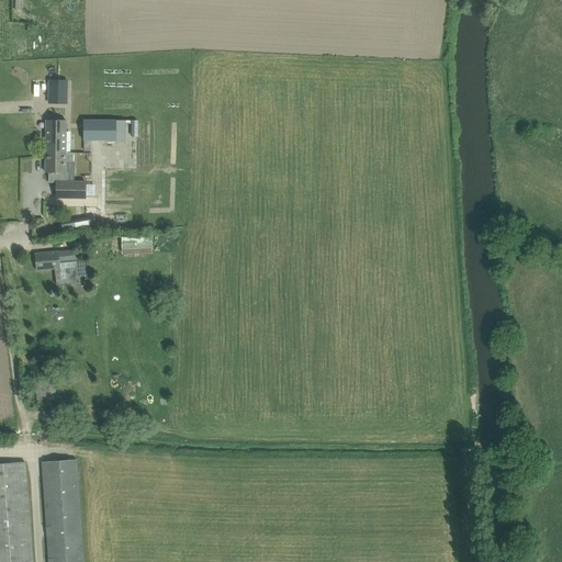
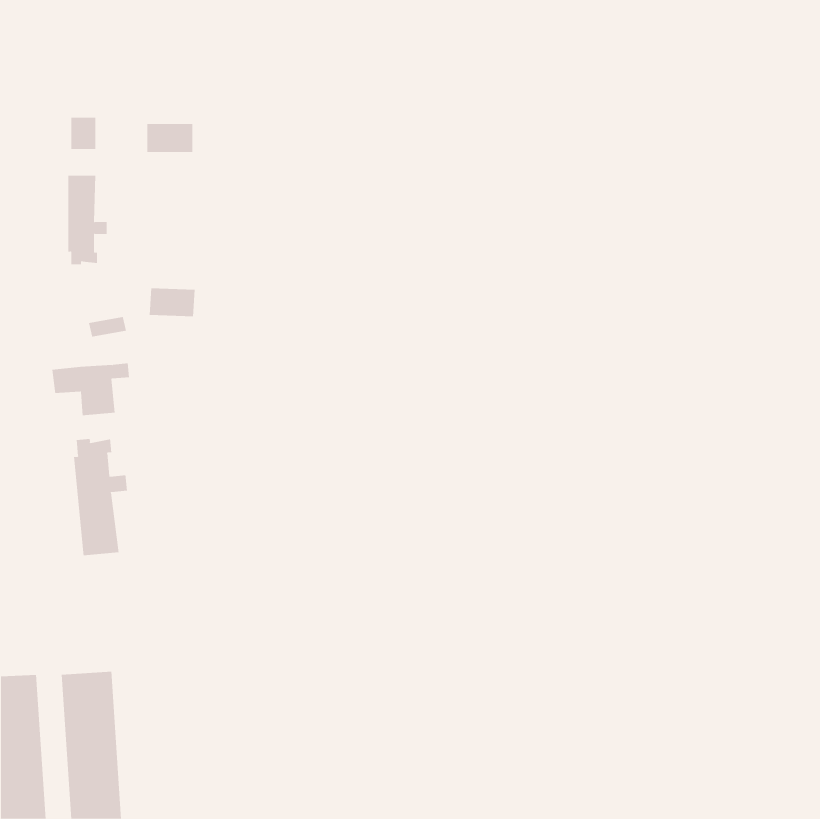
building: [82,120,114,139] -> [147,124,193,152]
building: [55,179,87,199] -> [149,288,195,317]
building: none -> [74,438,128,556]

